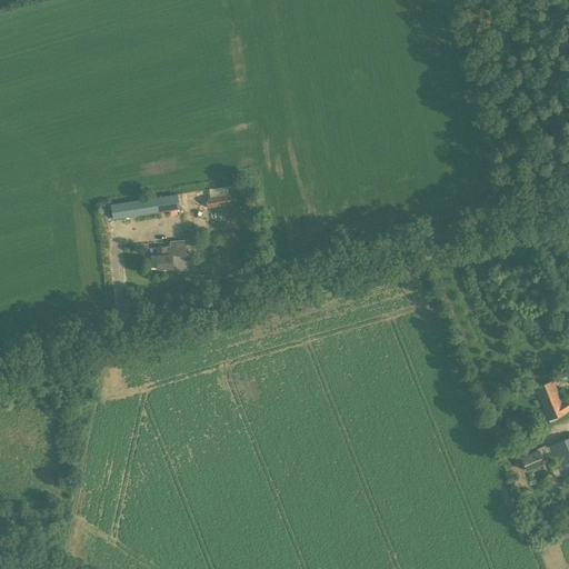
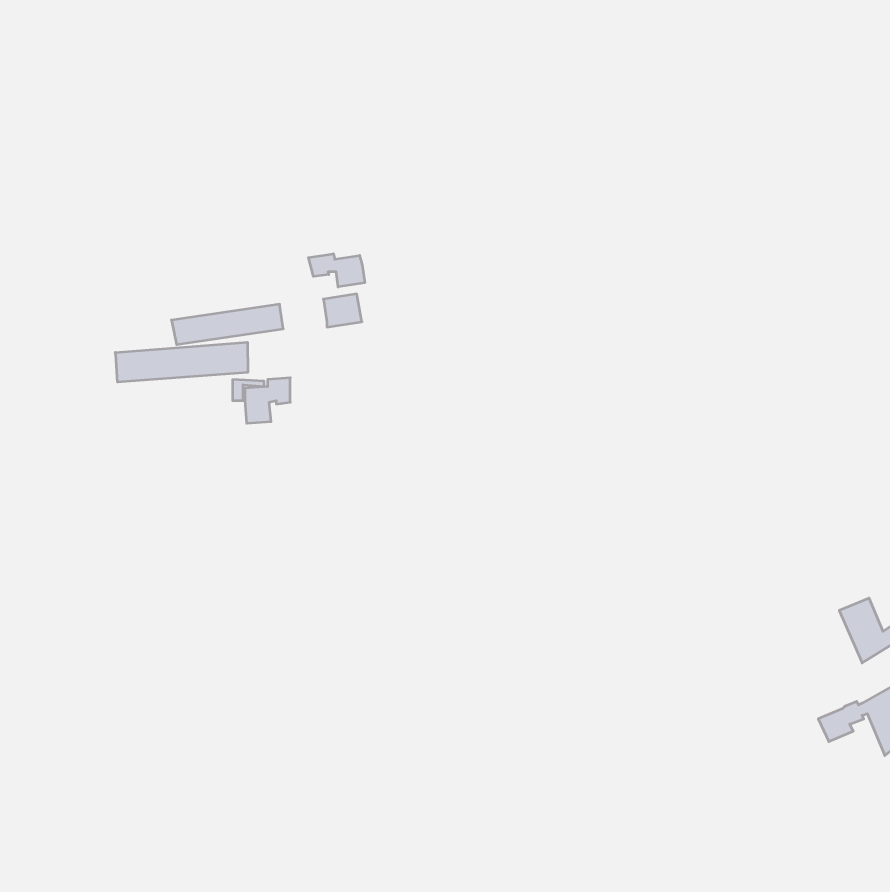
building: none -> [308,254,365,287]
building: none -> [115,342,248,382]

